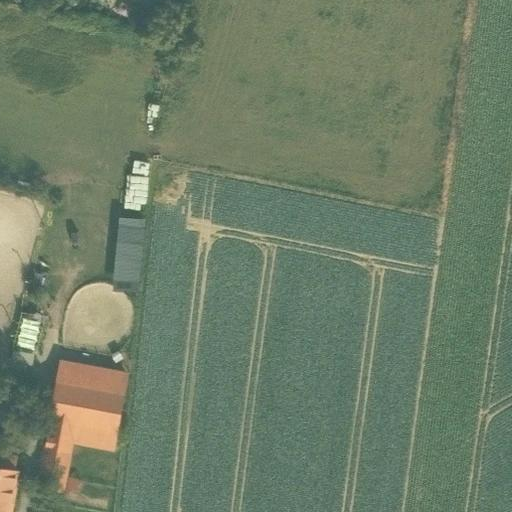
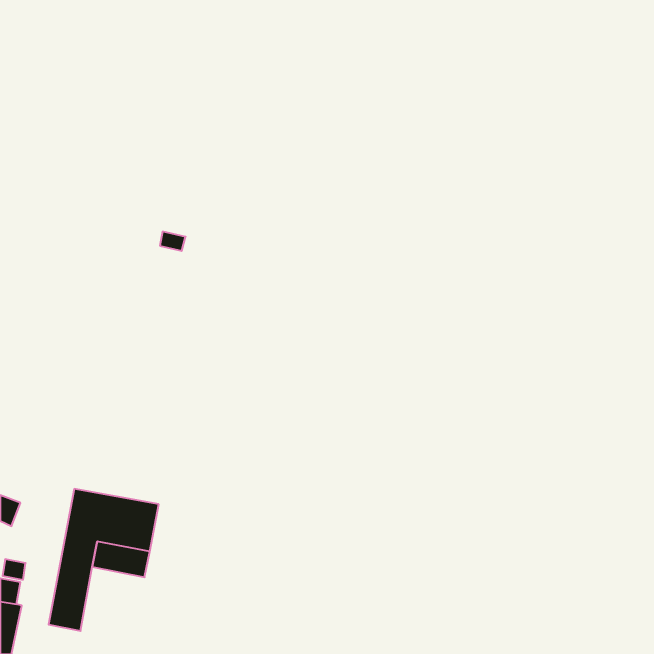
building: [112,217,147,291] -> none
building: [58,360,128,394] -> none

